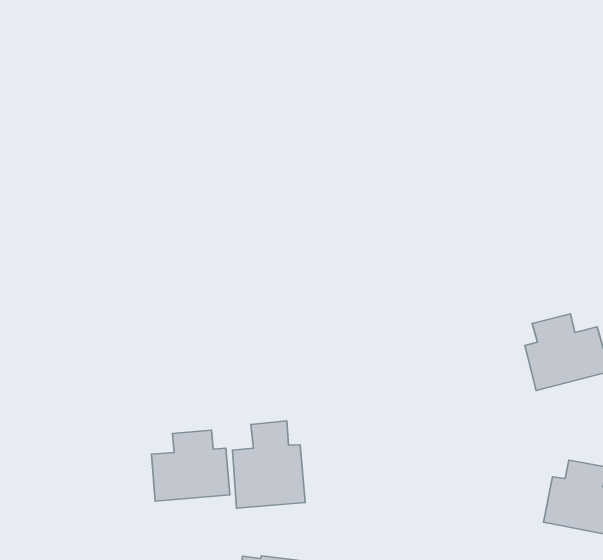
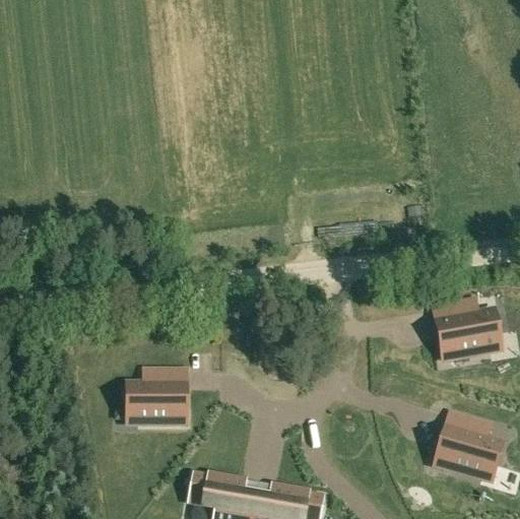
building: [233,421,305,508] -> none

